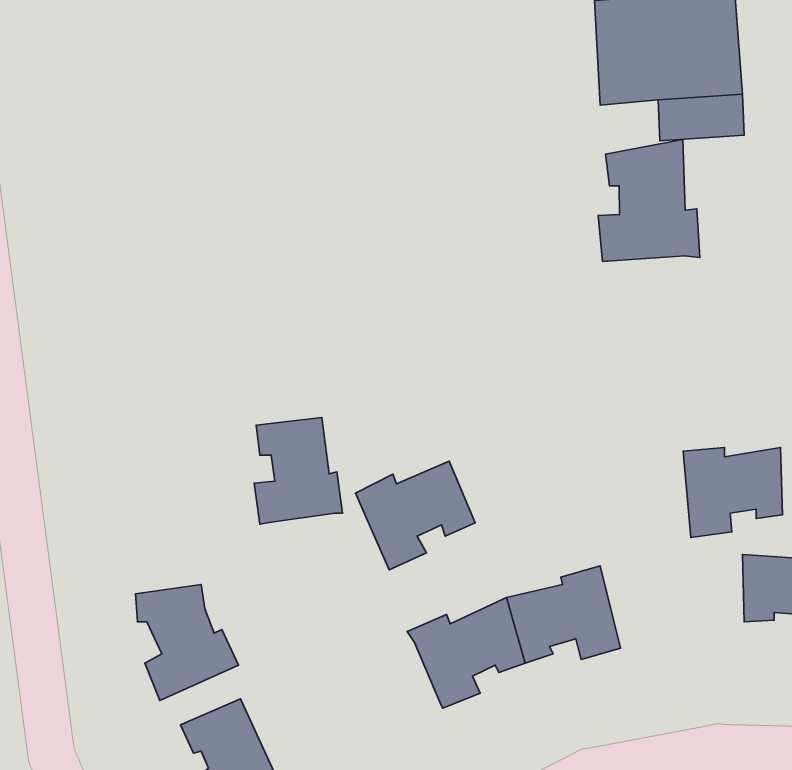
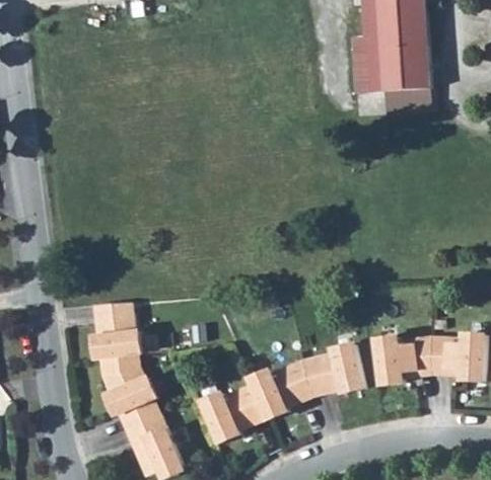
building: [598,139,700,261] -> none
building: [254,418,342,524] -> [93,302,141,359]
building: [683,447,782,537] -> [377,337,431,386]
building: [355,461,475,570] -> [202,385,267,444]

